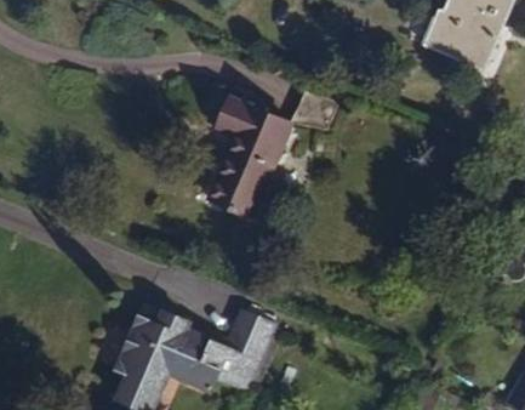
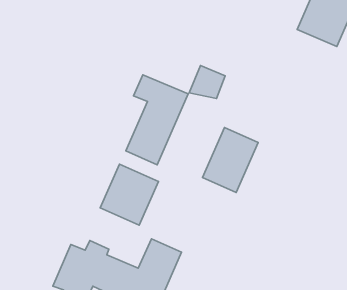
building: none -> [203,127,258,193]
building: none -> [100,164,159,225]

